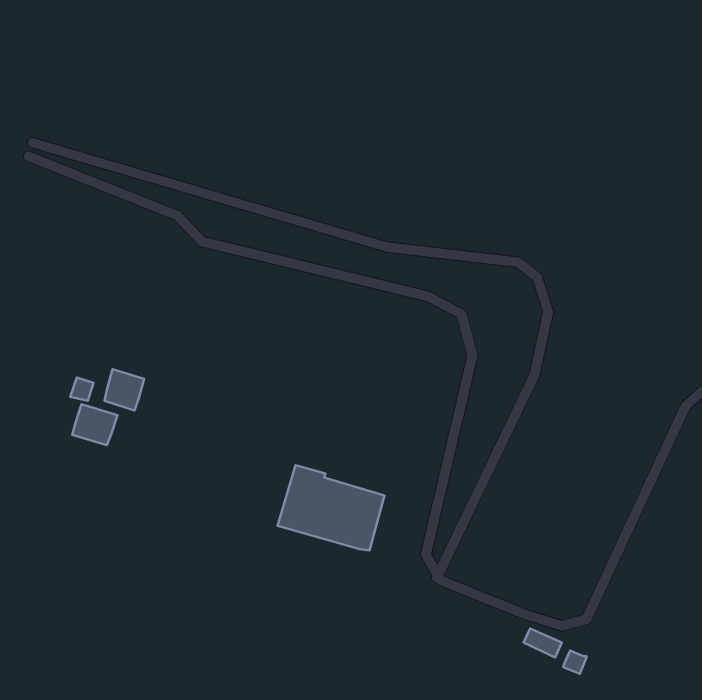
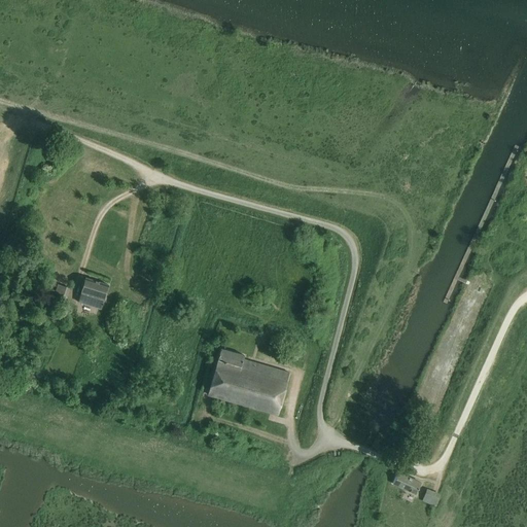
building: [72,404,118,445] -> none

